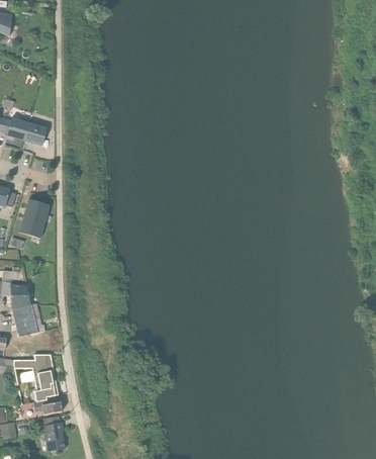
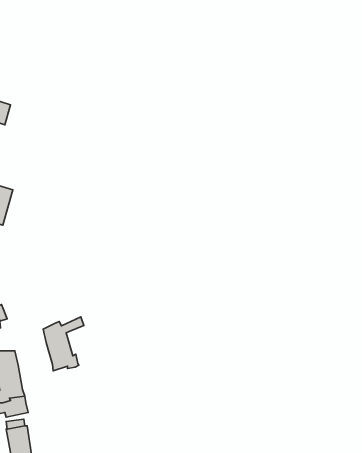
building: none -> [43,317,84,371]

